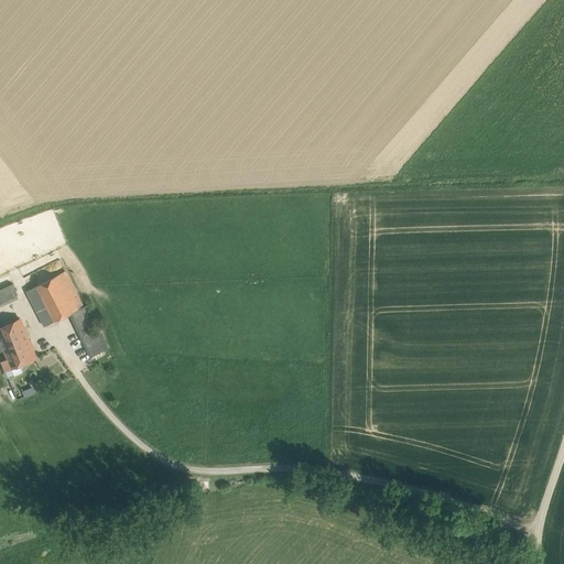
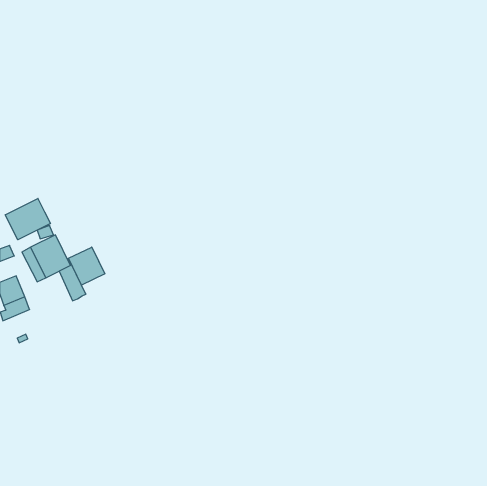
building: none -> [5,198,50,240]
building: none -> [69,247,105,285]

